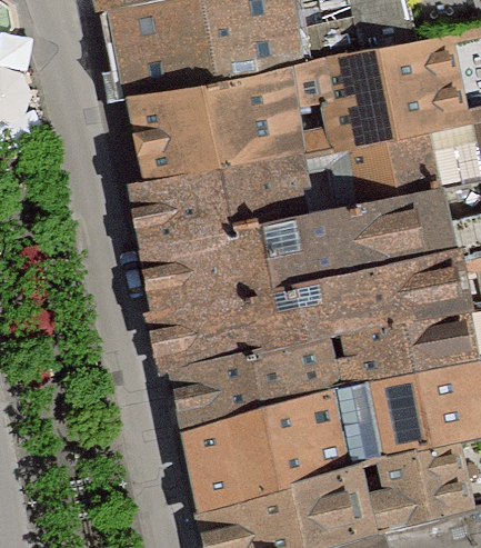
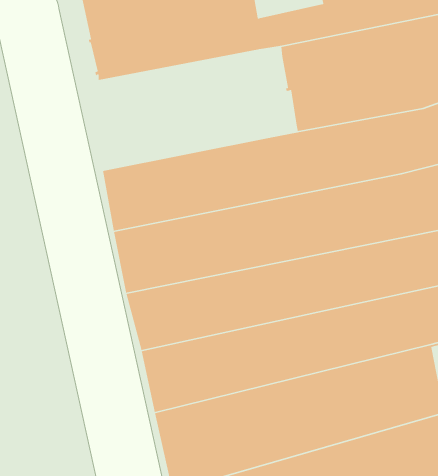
building: [124,61,324,186] -> none

